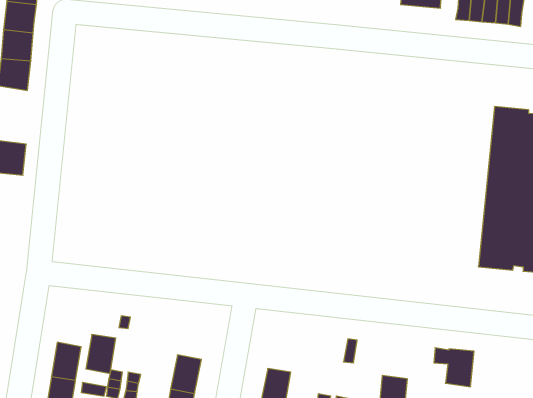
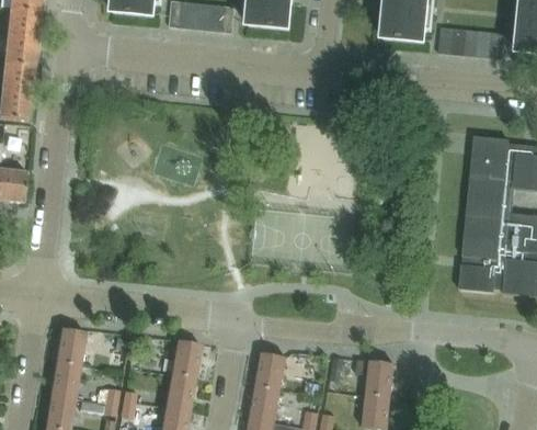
building: none -> [171,341,199,378]
building: none -> [258,353,286,391]
building: [86,335,116,374] -> [56,329,84,366]
building: [434,348,474,387] -> [356,360,395,397]

